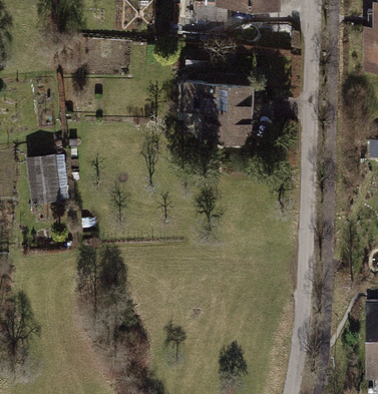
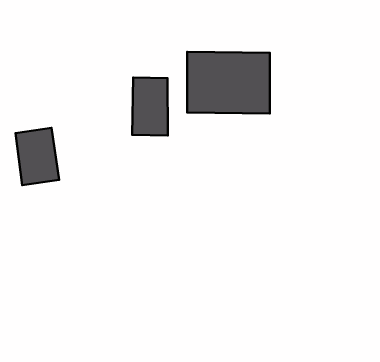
building: none -> [132,78,168,135]

